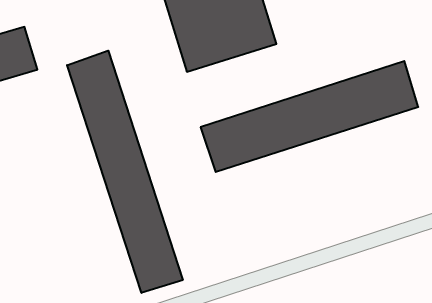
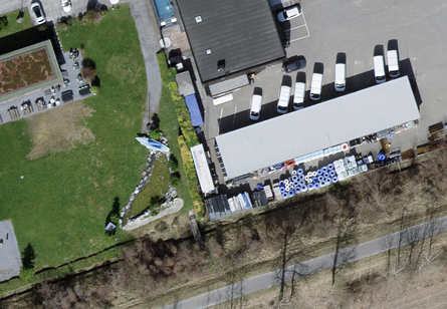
building: [67,51,183,293] -> none

